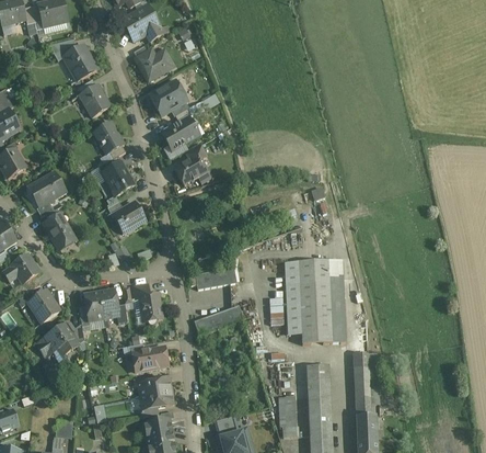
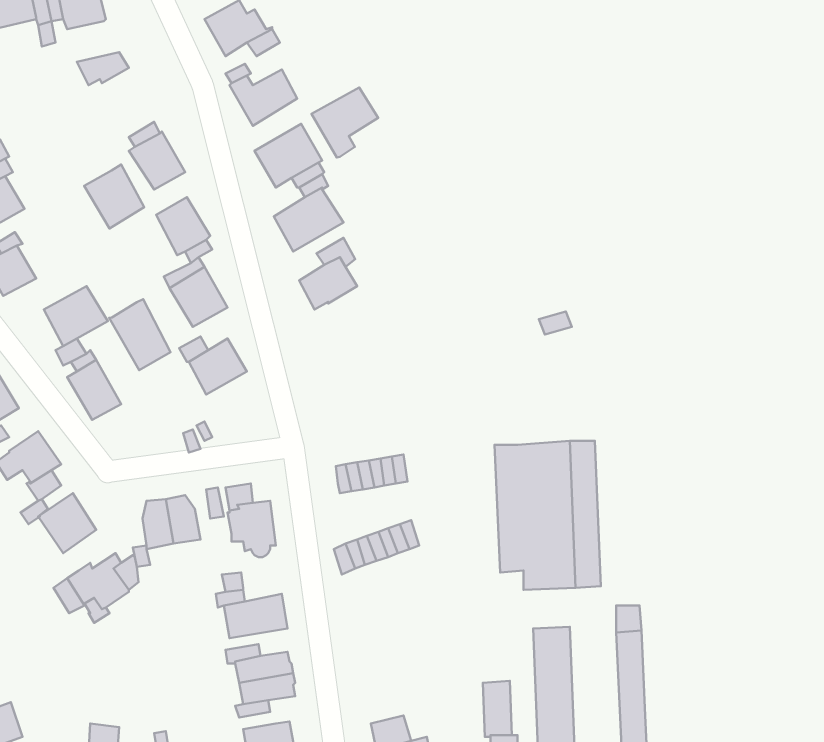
building: [62,45,96,81] -> [84,165,144,228]
building: none -> [311,88,378,158]
building: none -> [109,299,170,370]

